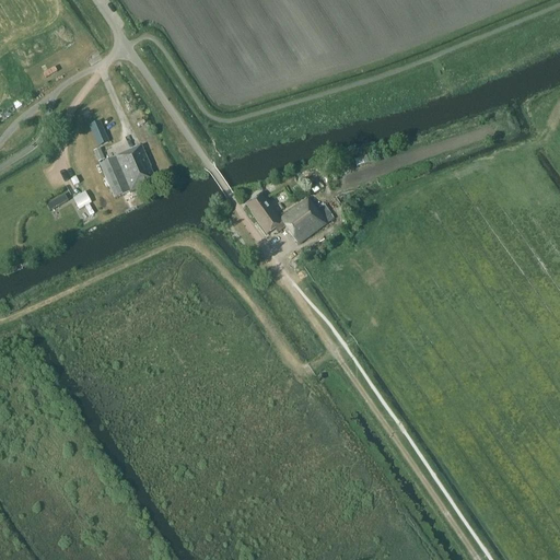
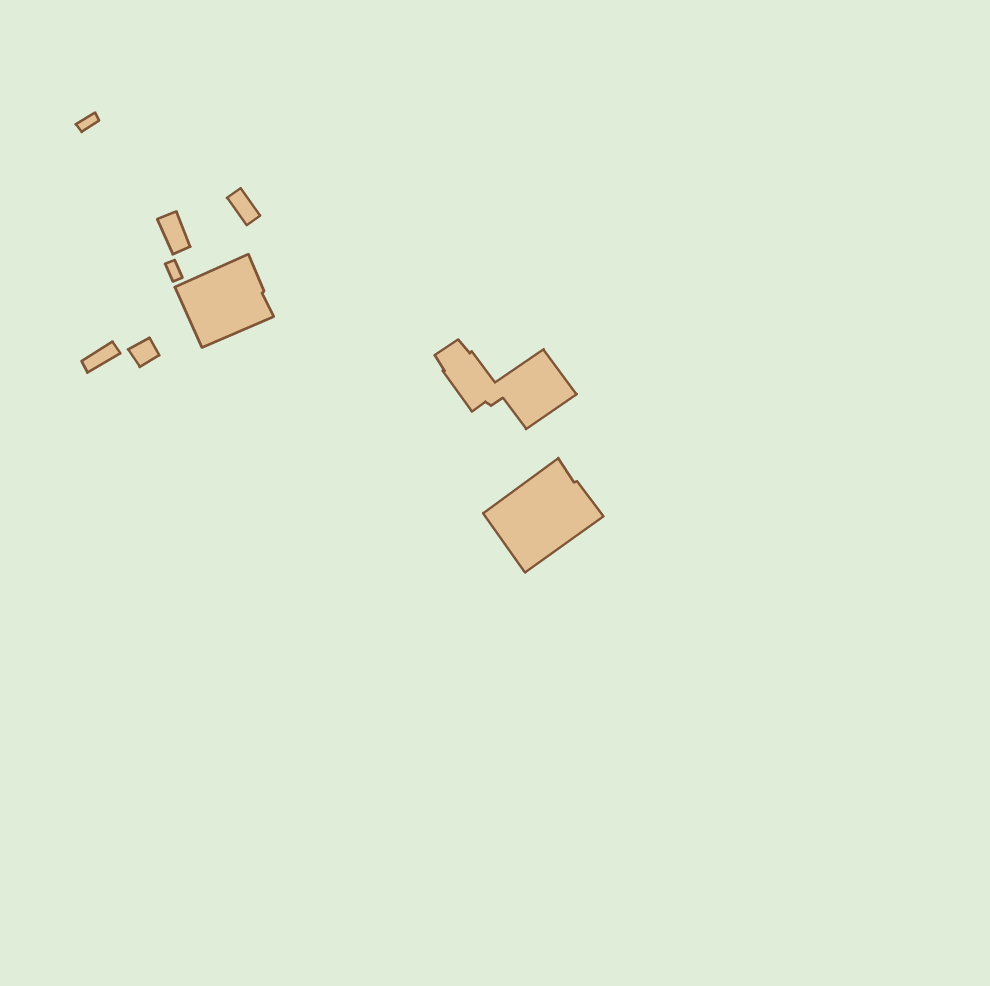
building: none -> [483,458,603,572]

